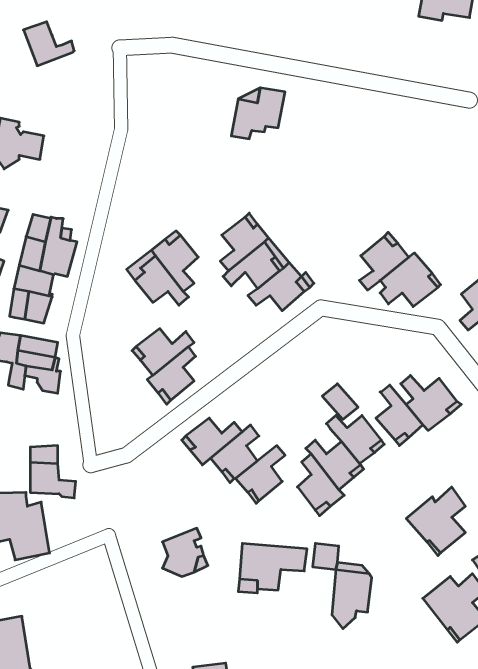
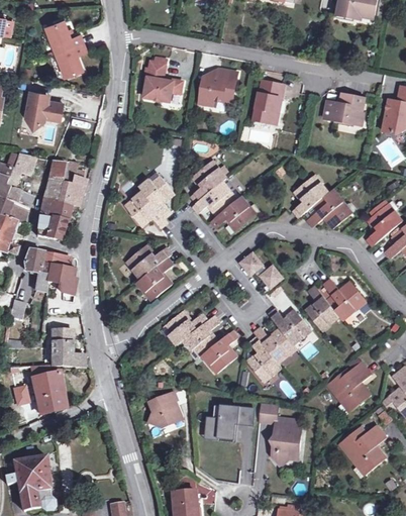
building: none -> [57,40,88,76]
building: none -> [144,57,183,101]
building: none -> [253,80,284,123]
building: none -> [323,92,365,123]
building: none -> [240,252,283,287]

